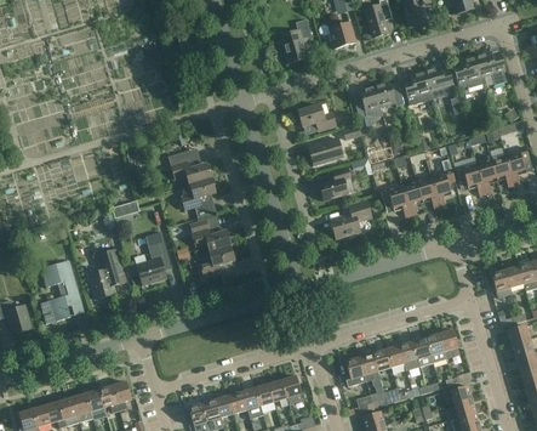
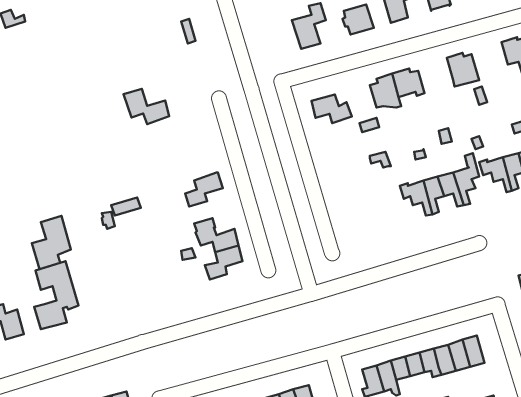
building: [453,56,482,87] -> none
building: [402,70,432,104] -> none
building: [308,137,343,165] -> none
building: [167,152,210,185] -> [124,89,169,124]
building: [319,168,350,200] -> none
building: [330,200,372,238] -> none
building: [136,232,171,285] -> none
building: [88,249,125,299] -> [32,216,71,269]

